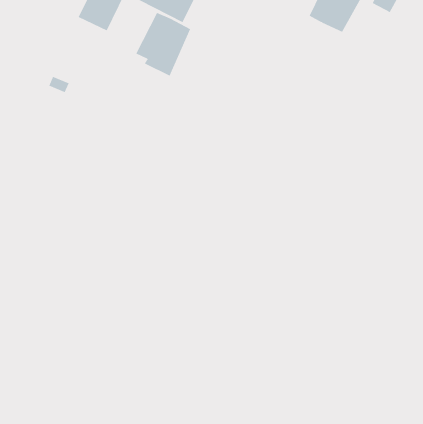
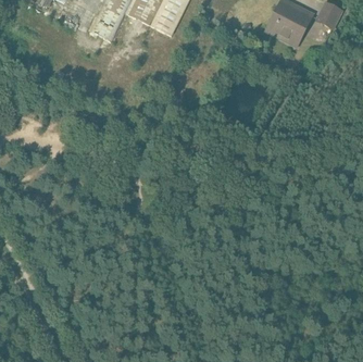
building: [136,12,191,76] -> none

